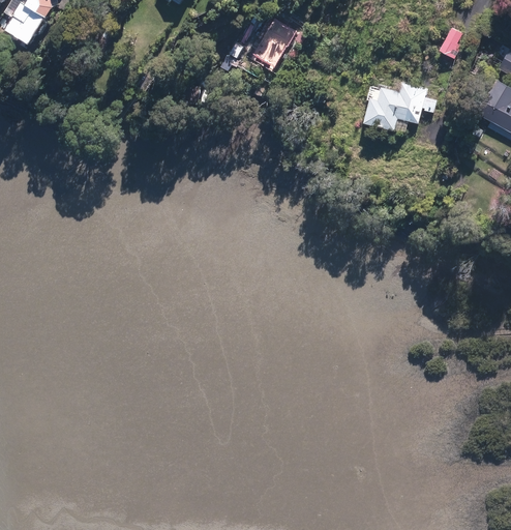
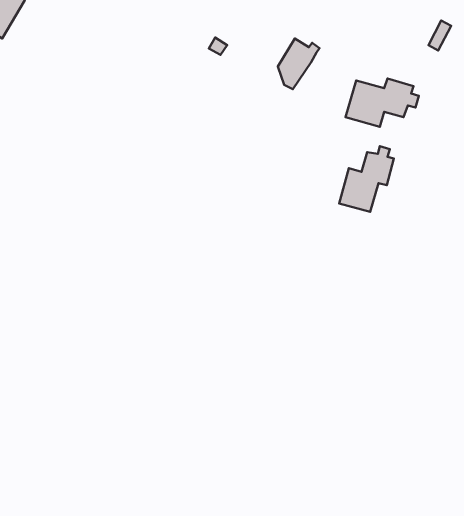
building: [254,24,295,72] -> [278,39,320,89]
building: none -> [339,146,394,212]

